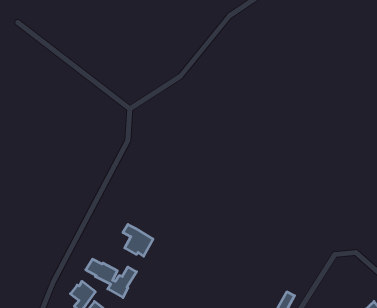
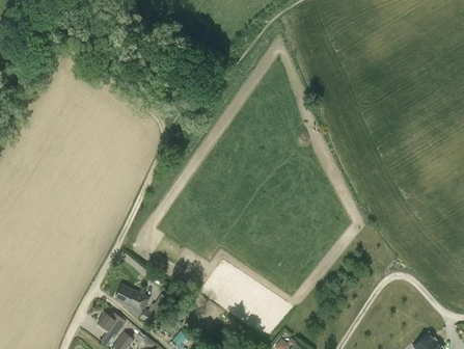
building: [123,224,153,256] -> none

